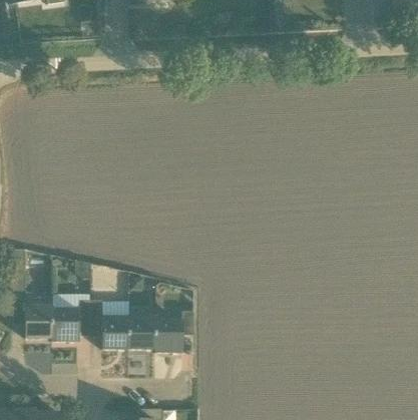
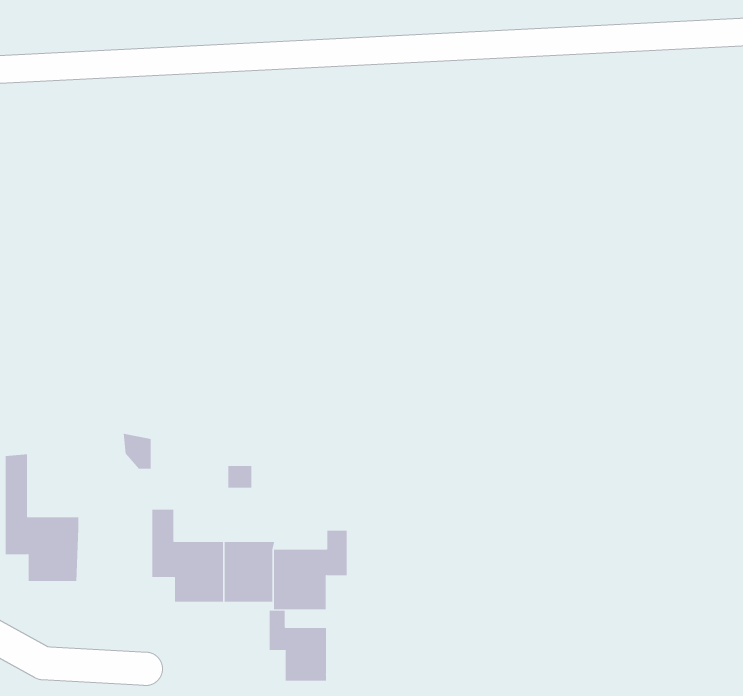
building: [52,299,91,340] -> none
building: none -> [269,610,326,682]

